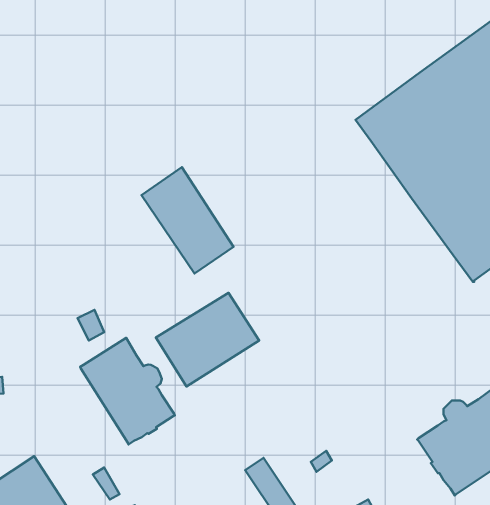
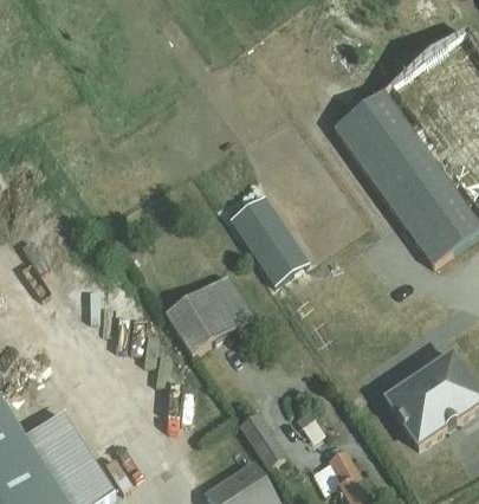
building: [141,167,234,273] -> [231,194,309,284]
building: [80,338,175,445] -> none

